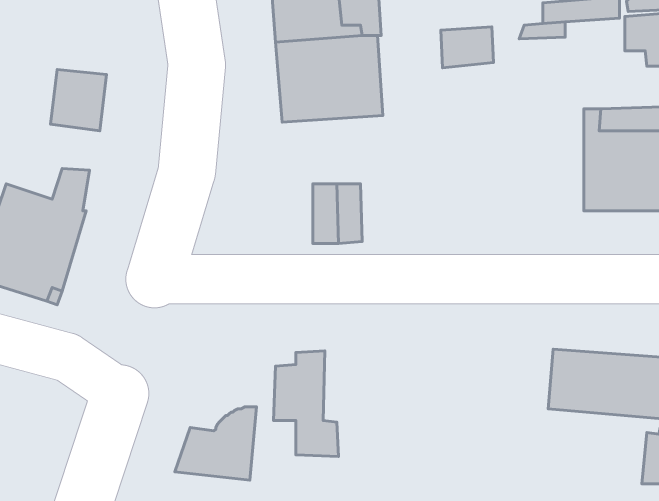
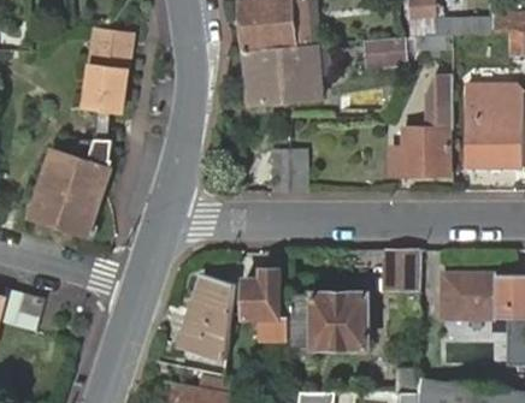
building: none -> [90,31,130,72]
building: none -> [394,73,452,174]
building: none -> [373,249,420,288]
building: none -> [184,279,234,324]
building: none -> [288,292,362,349]

